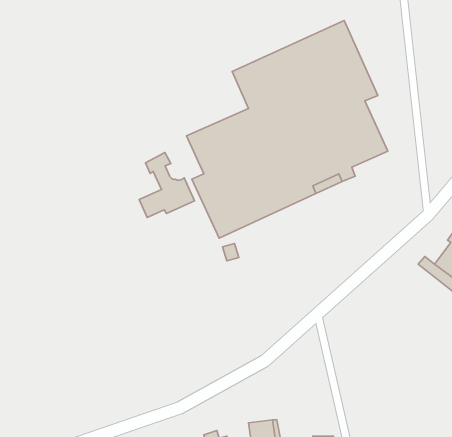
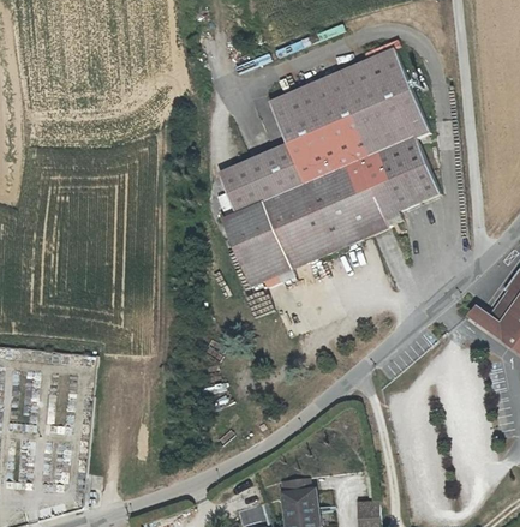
building: [139,152,195,218] -> none

